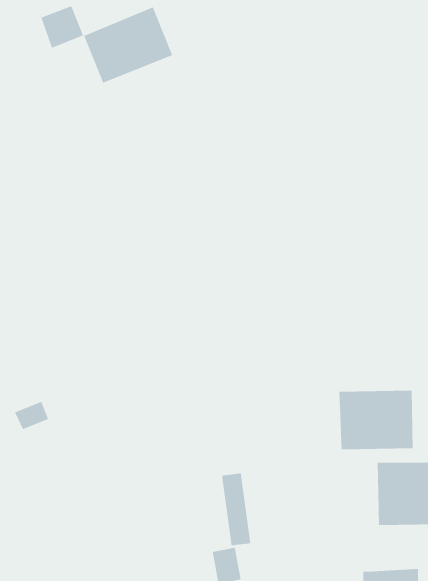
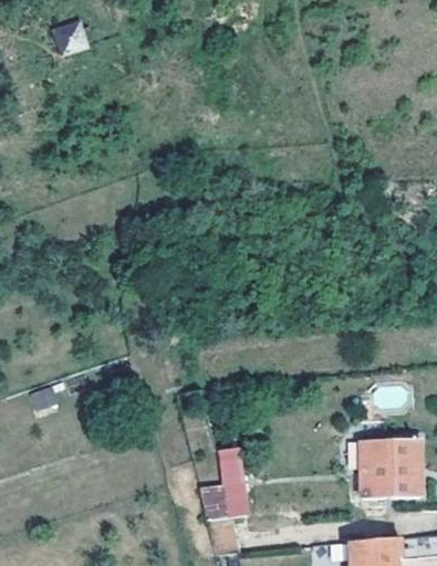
building: [83,7,173,84] -> none
building: [339,390,413,450] -> none

